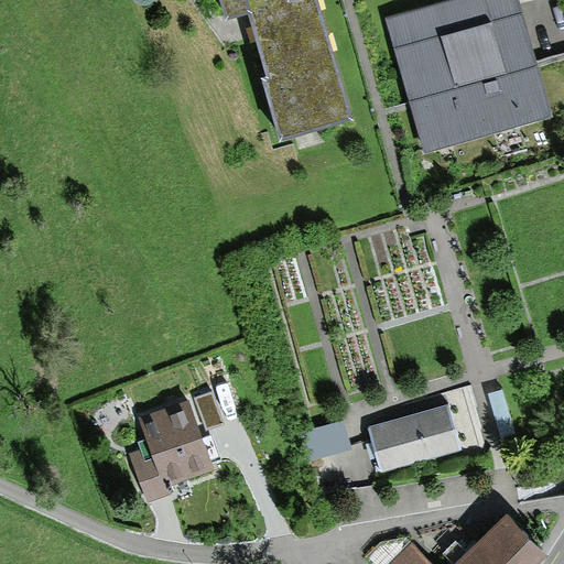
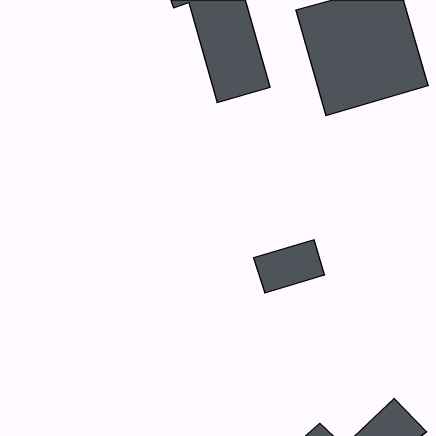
building: [128,400,213,508] -> none
building: [367,403,458,471] -> [254,240,325,293]

